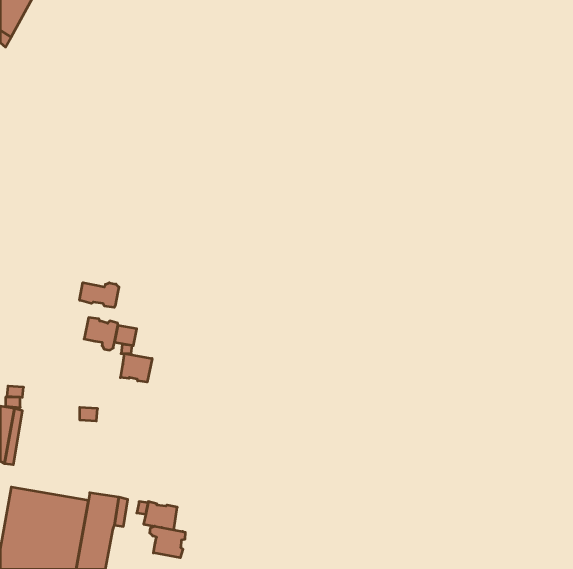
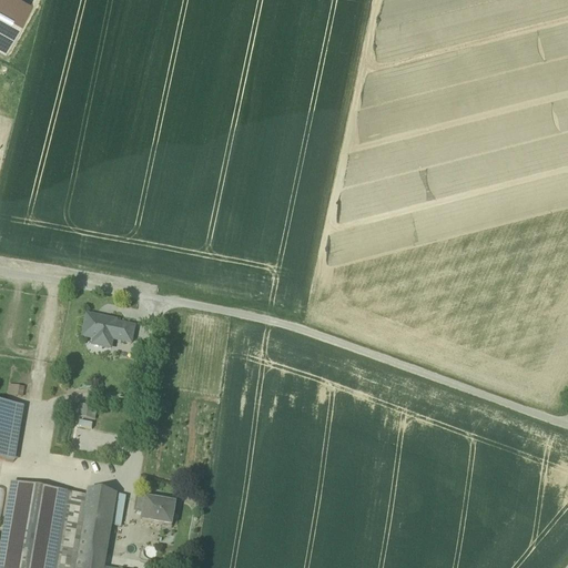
building: [80,283,119,307] -> none
building: [120,354,152,382] -> none
building: [150,526,185,558] -> none

